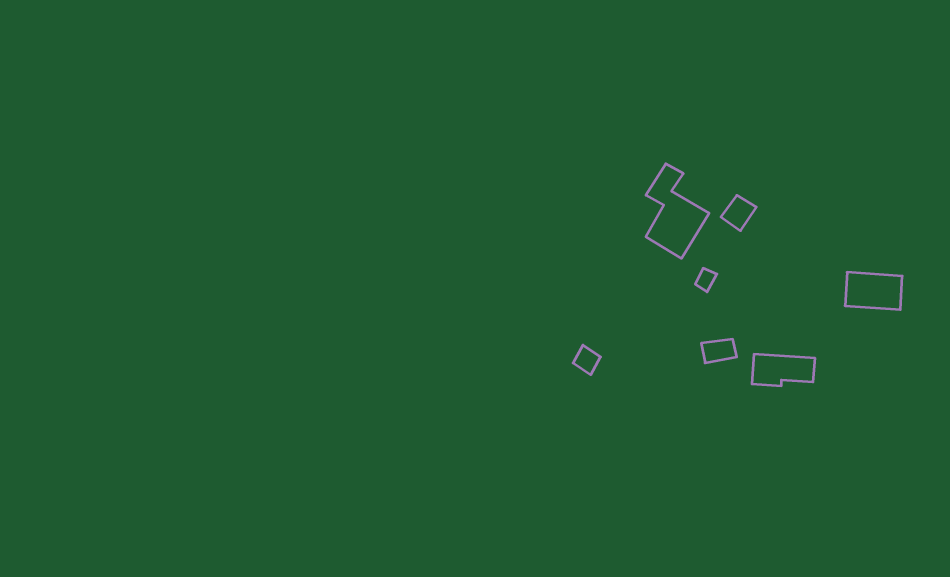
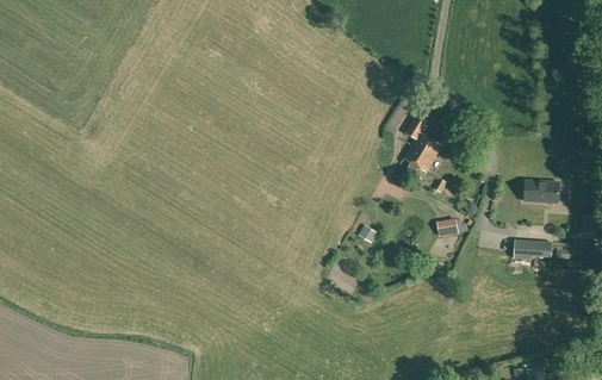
building: [752,354,815,386] -> [514,241,552,260]

